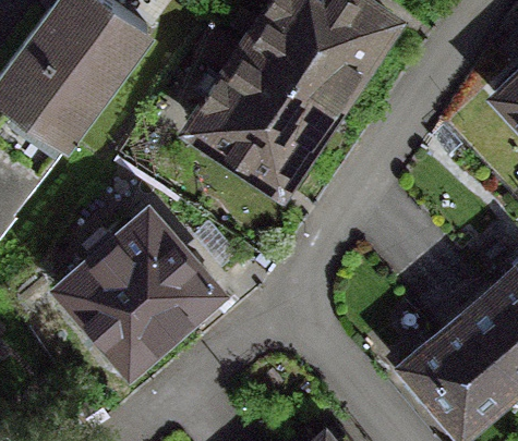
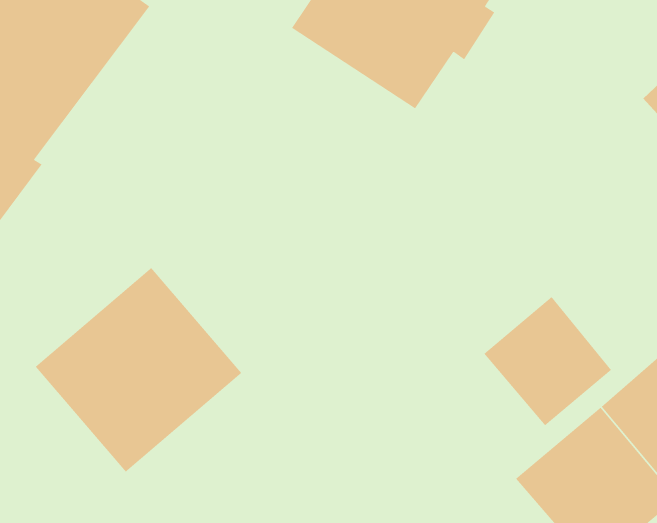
building: [192,46,335,186] -> none
building: none -> [483,296,612,426]

